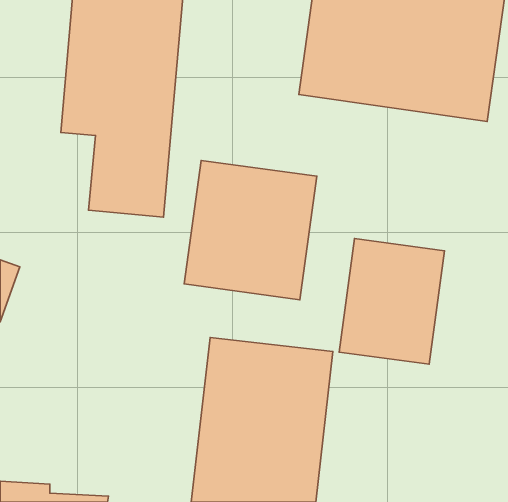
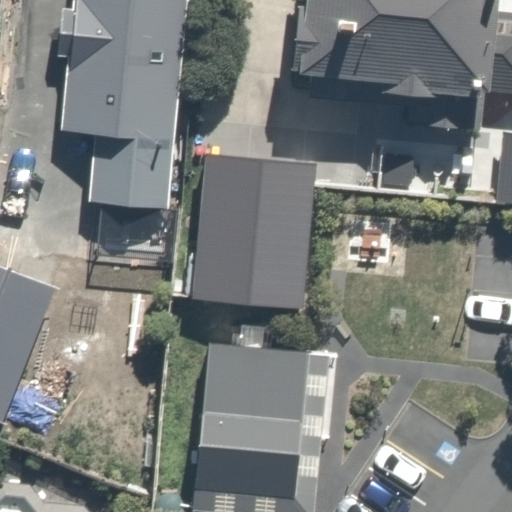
building: [339,239,445,364] -> none

